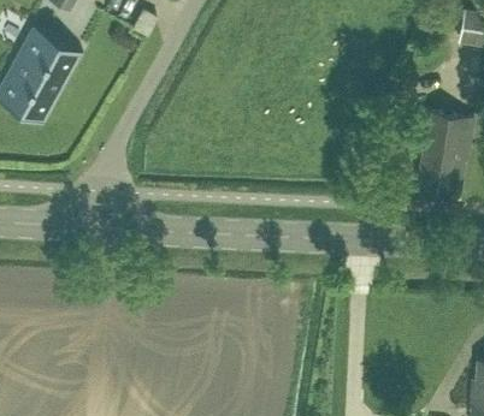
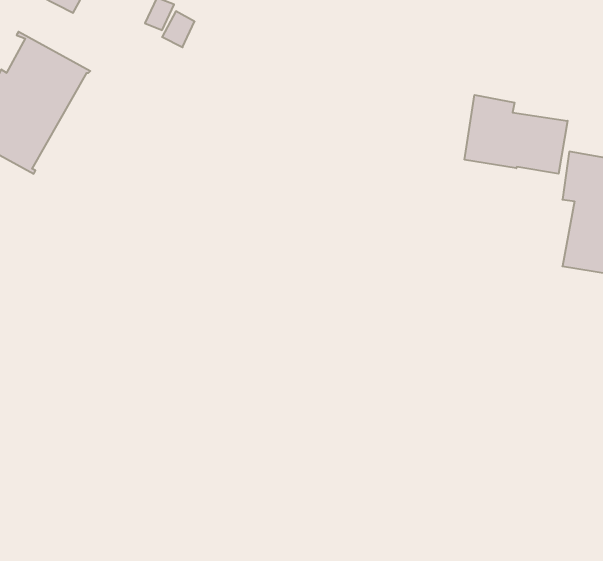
building: none -> [465,95,568,174]

